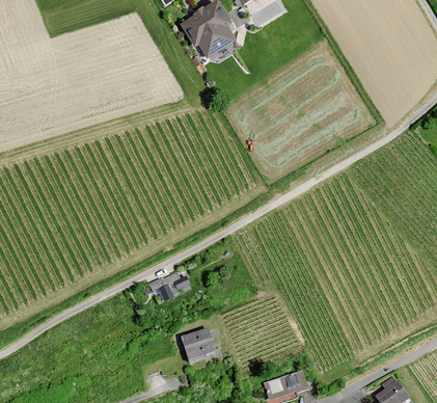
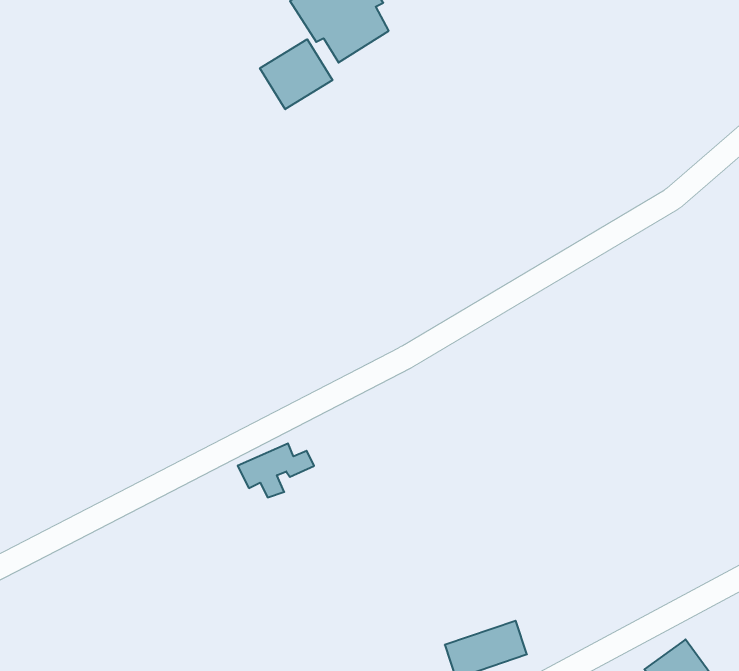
building: none -> [260,39,332,109]
building: [182,326,217,361] -> none

